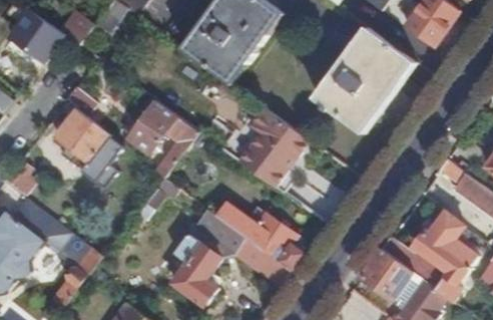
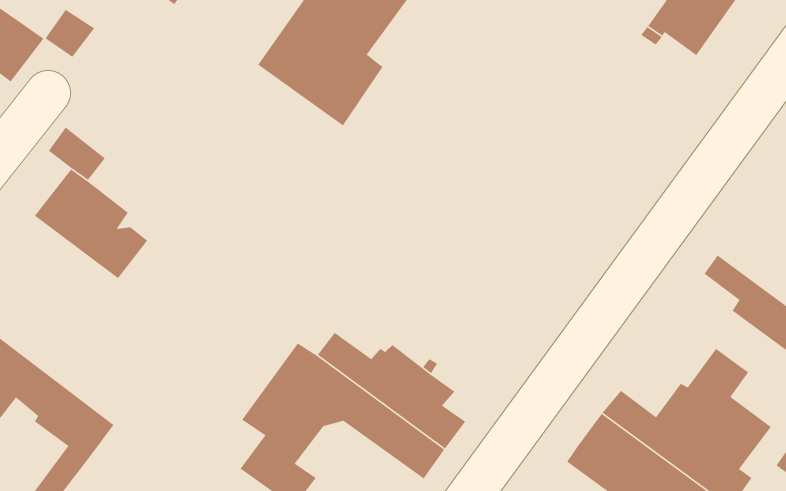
building: [315,26,411,130] -> none
building: [128,101,197,176] -> none
building: [238,105,308,187] -> none

